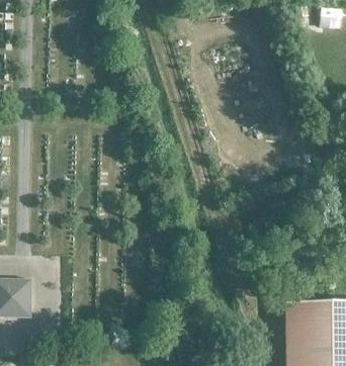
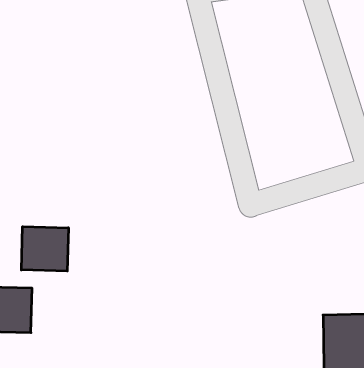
building: none -> [21,227,68,271]

